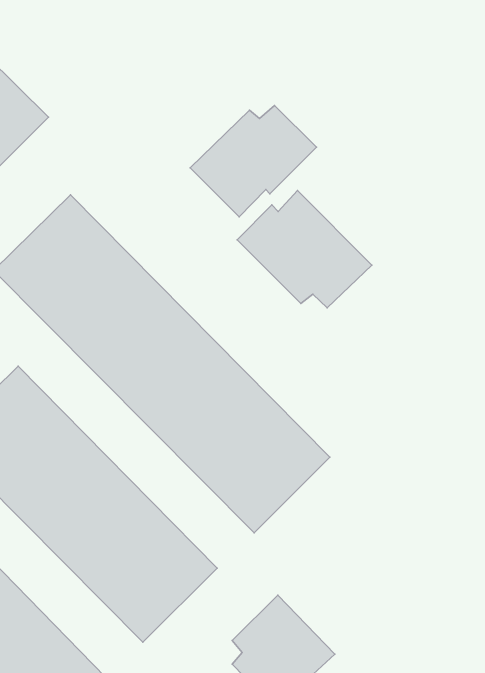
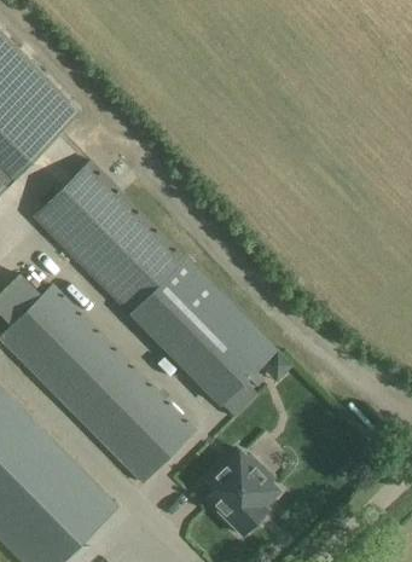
building: [190,105,316,217] -> none
building: [237,191,372,308] -> none

